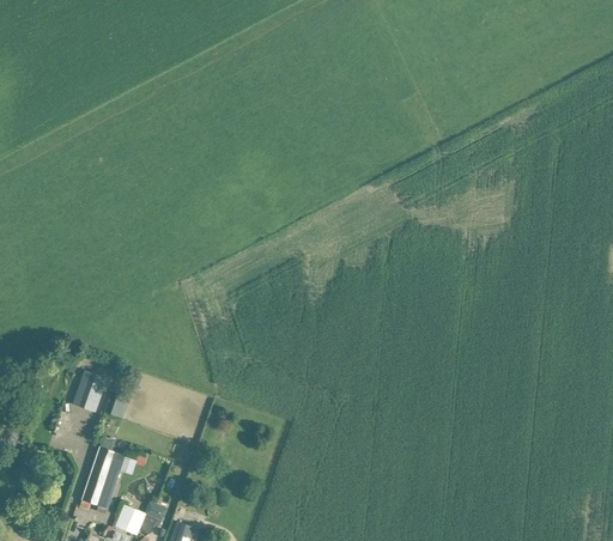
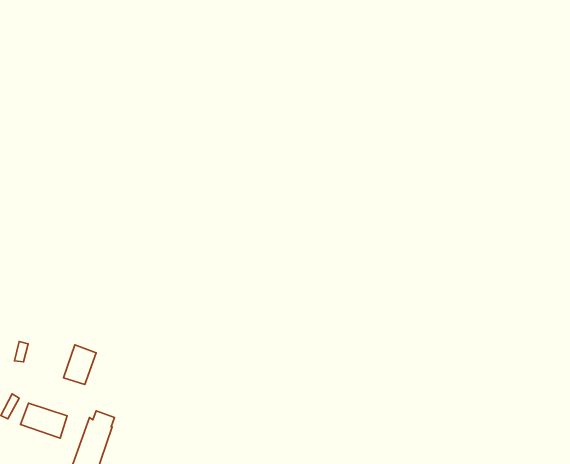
building: none -> [20,403,67,438]

